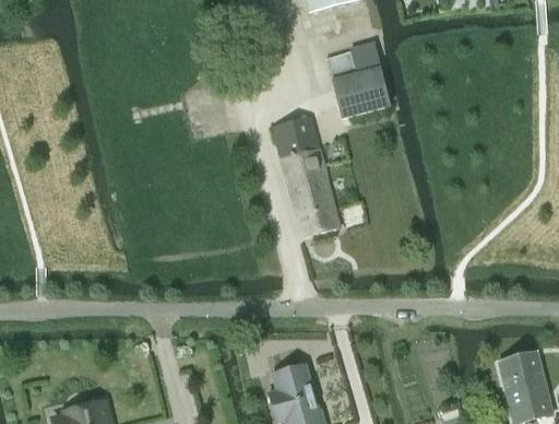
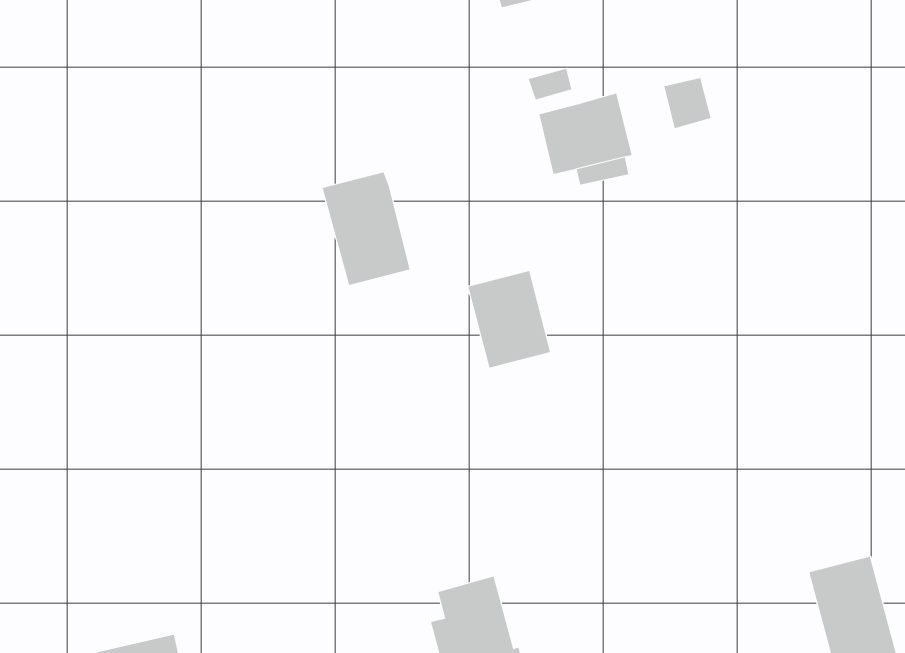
building: [350,40,380,72] -> [664,77,712,129]
building: [272,115,326,185] -> [322,172,411,285]

